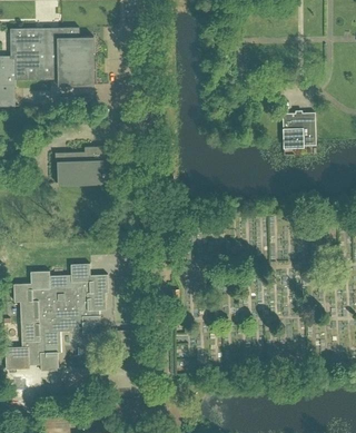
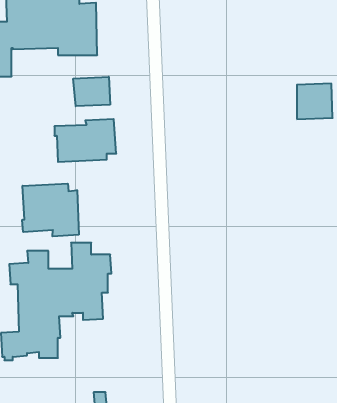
building: none -> [73,77,110,106]
building: none -> [22,184,79,236]

